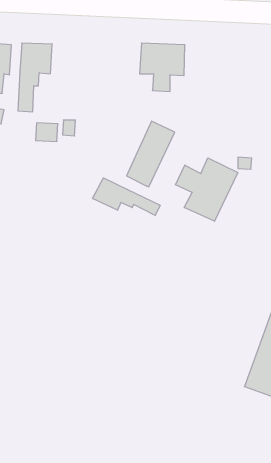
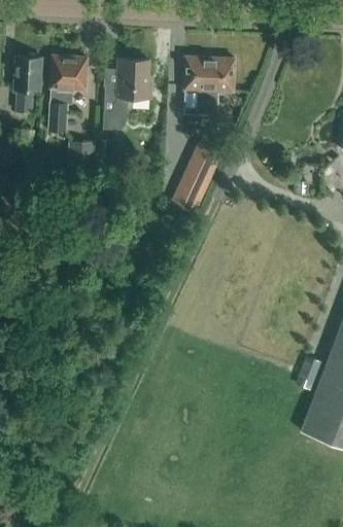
building: none -> [103,58,151,128]
building: [176,158,238,221] -> none
building: [93,178,160,215] -> none

